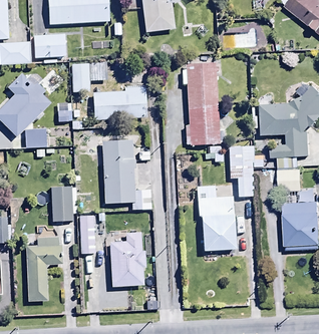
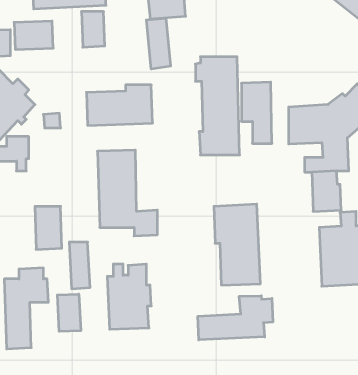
building: none -> [146,18,171,69]
building: [72,63,91,92] -> [81,12,105,47]
building: [230,145,255,196] -> [241,82,272,143]
building: none -> [57,294,81,331]
building: none -> [198,296,273,340]

